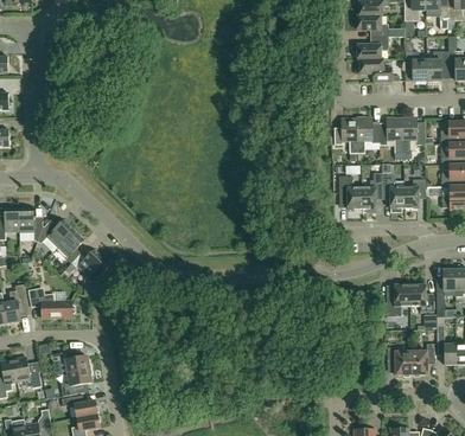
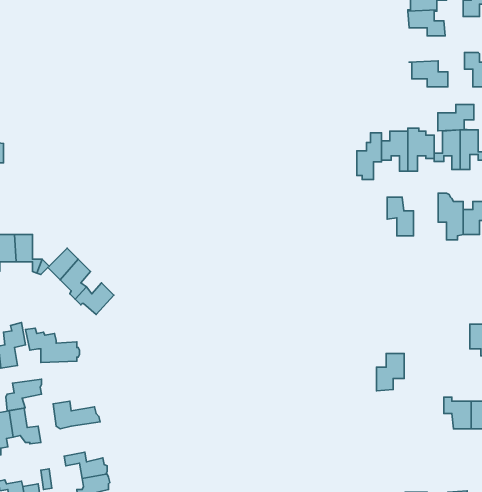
building: [358,37,389,59] -> [438,105,474,131]
building: [362,172,383,212] -> [357,133,382,180]
building: [387,284,410,316] -> [376,354,404,391]
building: [62,368,93,396] -> [6,379,42,411]

